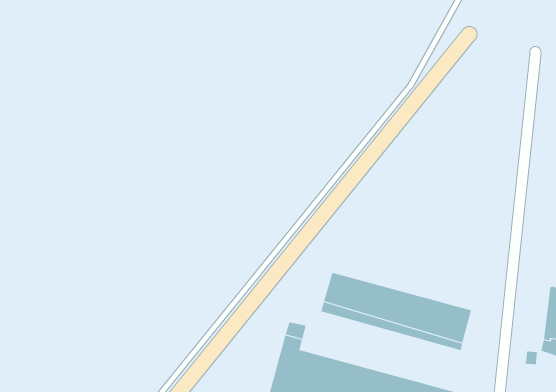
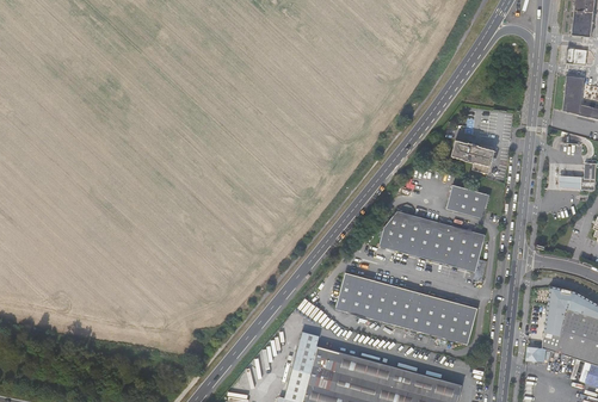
building: none -> [451,140,495,173]
building: none -> [446,185,489,218]
building: none -> [380,210,488,282]

